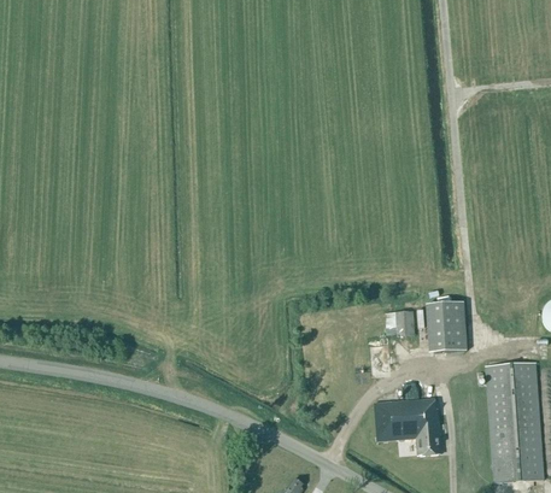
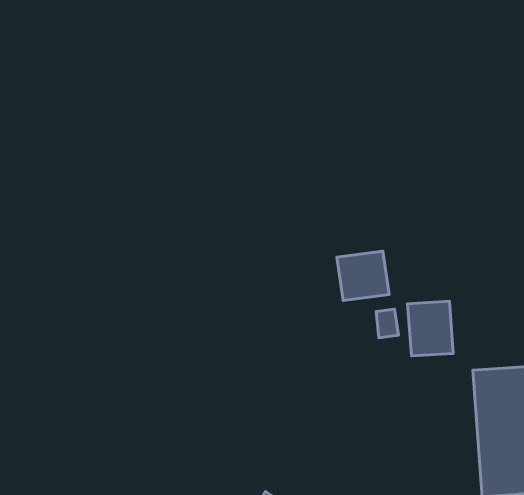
building: none -> [337,251,389,300]
building: [373,397,440,456] -> none

